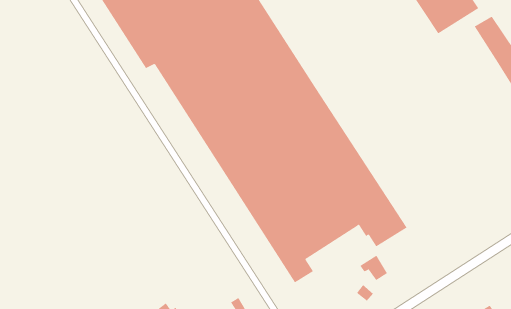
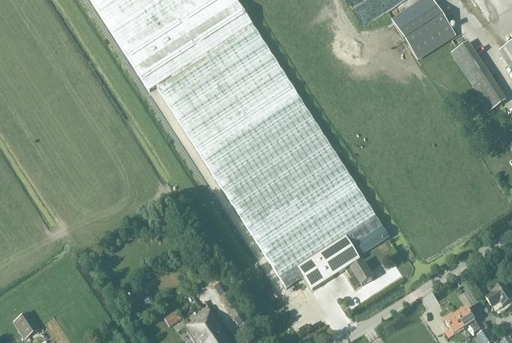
building: none -> [296,233,359,288]

